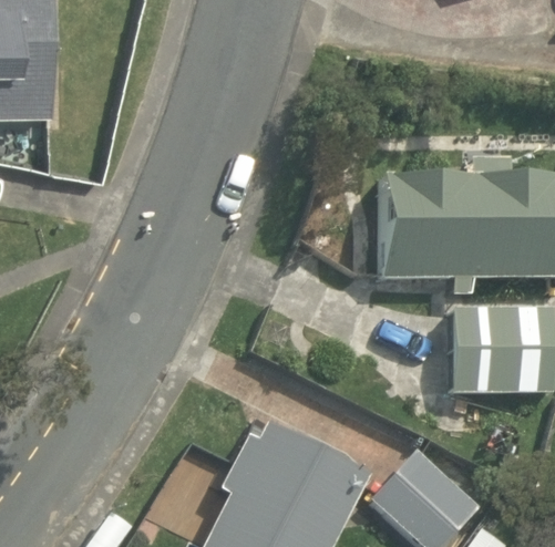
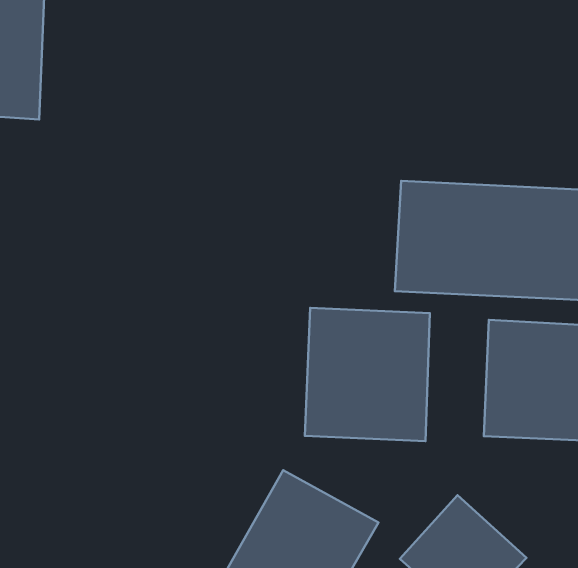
building: none -> [305,308,430,441]

